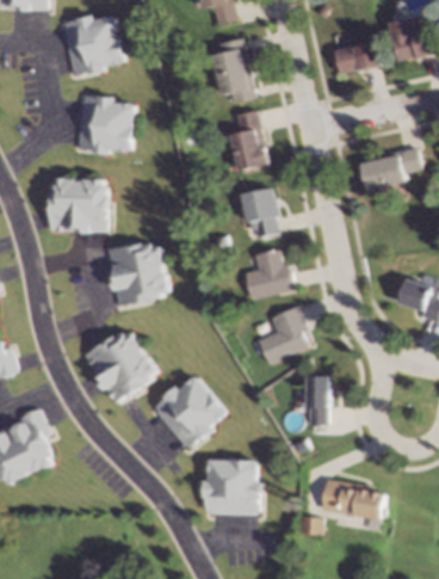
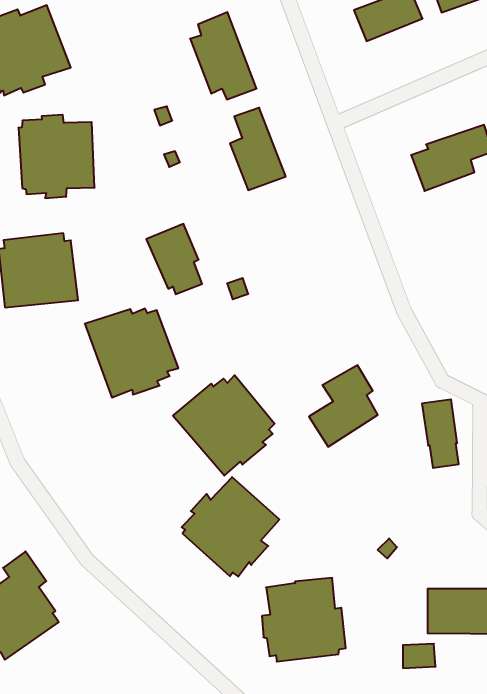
building: [242,187,278,238] -> [146,224,202,294]
building: [245,250,296,301] -> none
building: [84,332,156,404] -> [173,375,275,476]
building: [309,376,330,424] -> [422,399,459,468]

